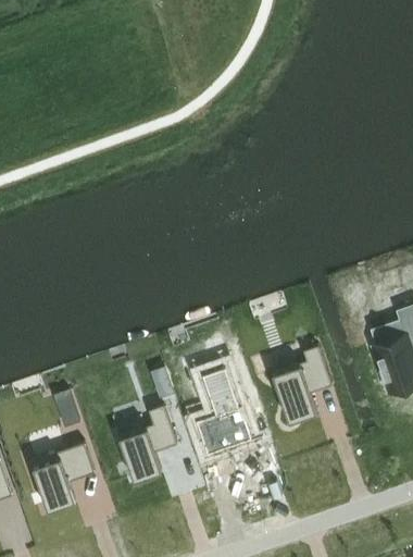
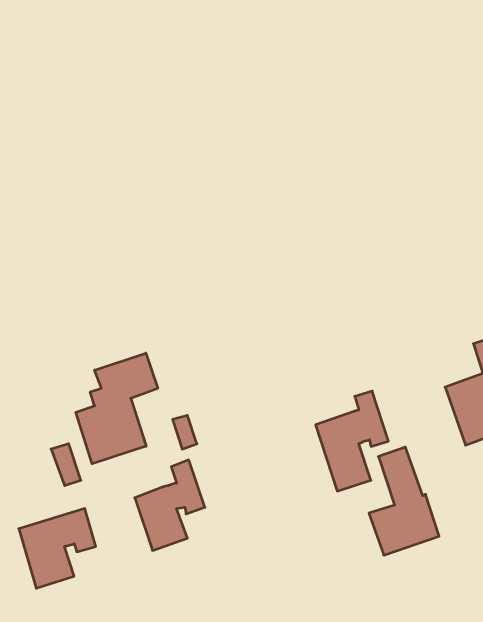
building: none -> [76,353,158,464]
building: [198,374,254,461] -> [369,447,439,555]

